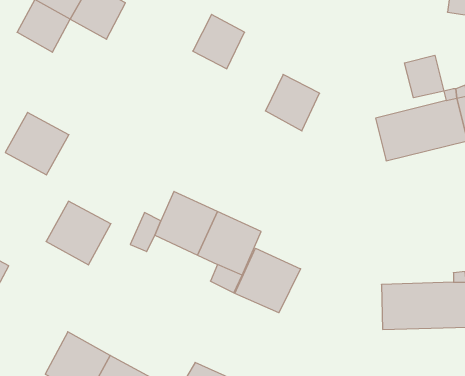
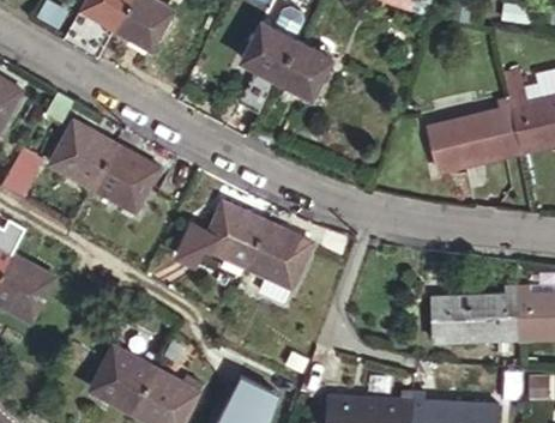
building: [404,55,444,98] -> none
building: [265,74,320,131] -> [276,41,331,98]
building: [46,201,111,265] -> [92,145,158,210]
building: [235,248,301,313] -> none

